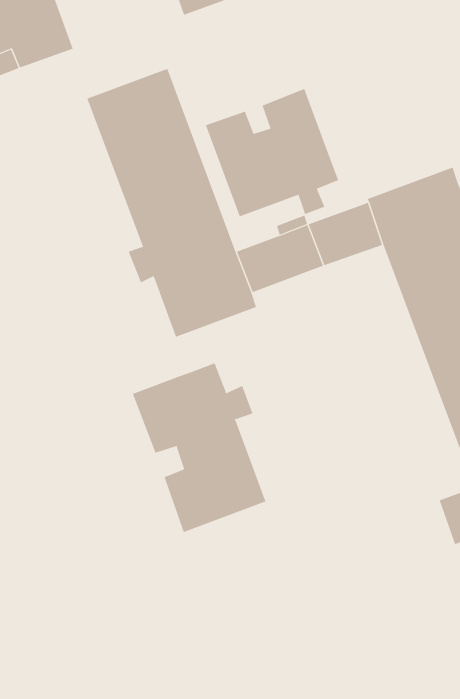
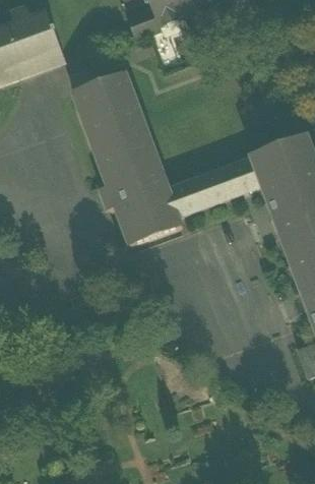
building: [205,88,339,217] -> none
building: [132,363,266,533] -> none

